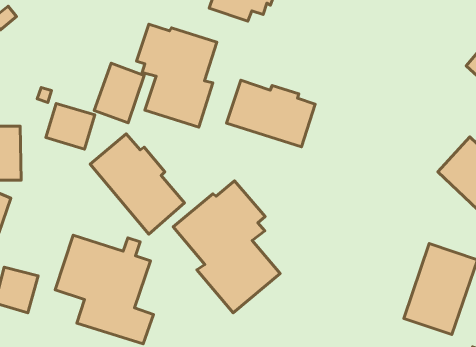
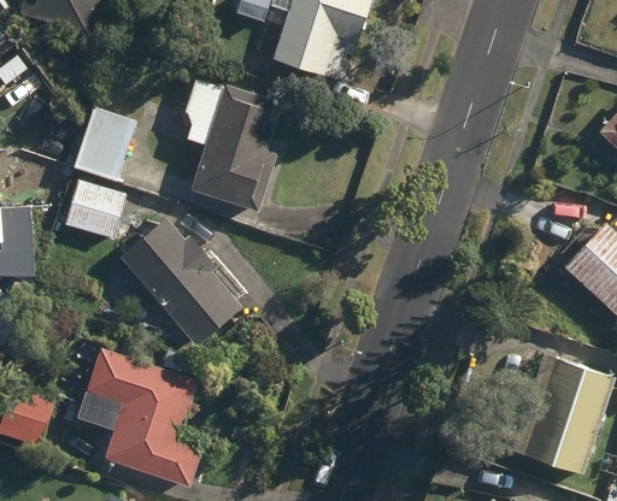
building: [94,63,144,123] -> [72,106,136,182]
building: [226,80,315,147] -> none
building: [173,181,280,313] -> none

